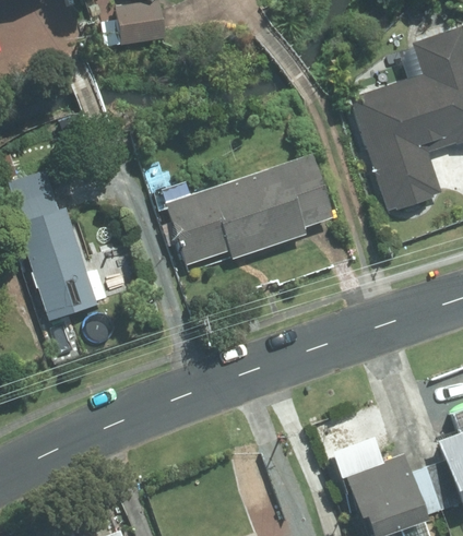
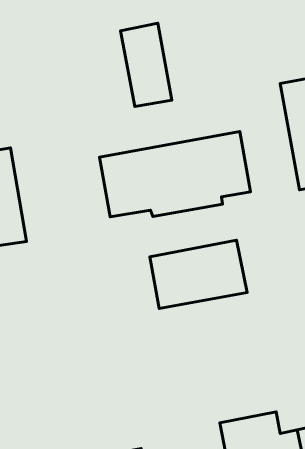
building: none -> [121,23,172,107]
building: none -> [150,240,247,308]

